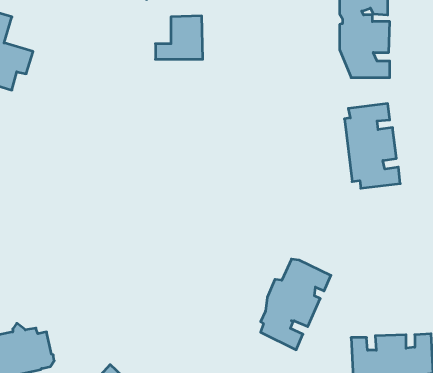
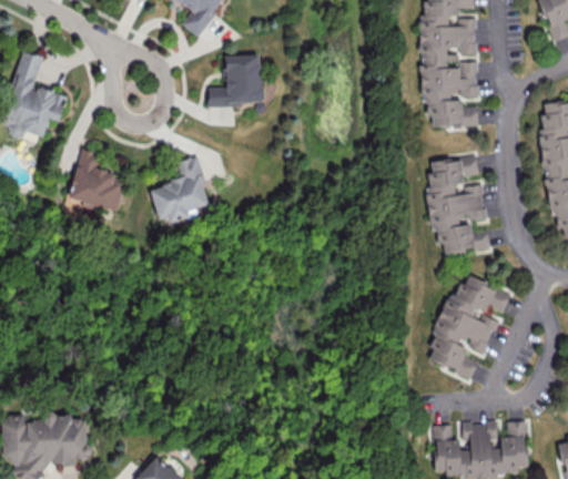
building: none -> [69,150,125,213]
building: none -> [150,156,207,223]
building: [261,259,331,350] -> [429,276,510,380]

